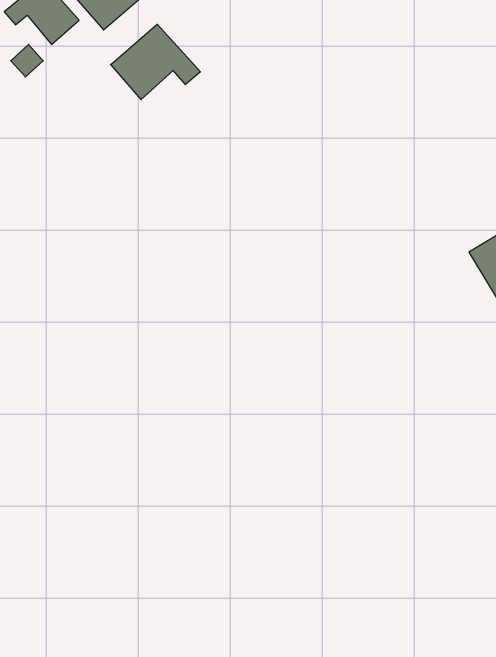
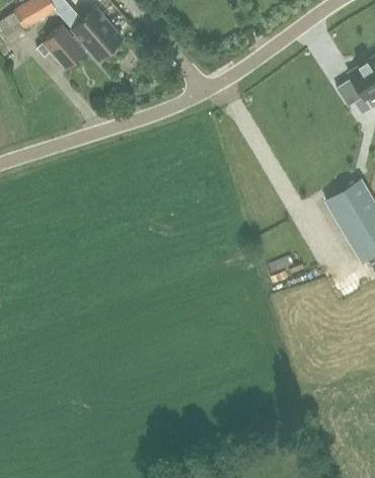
building: [111,24,200,100] -> none

